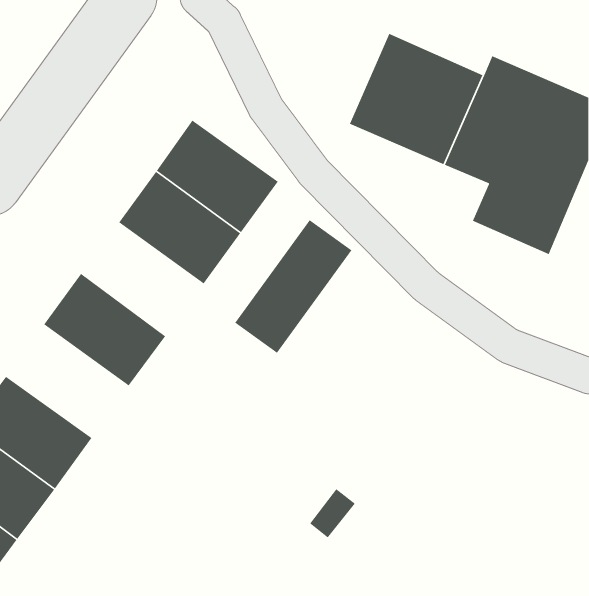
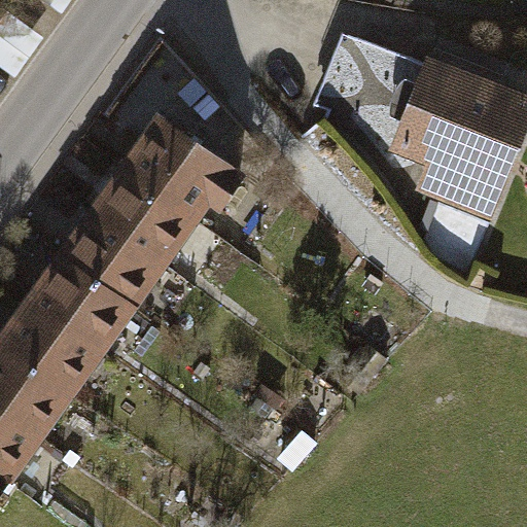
building: [234,219,352,354] -> none
building: none -> [71,196,179,295]
building: none -> [5,285,113,385]

